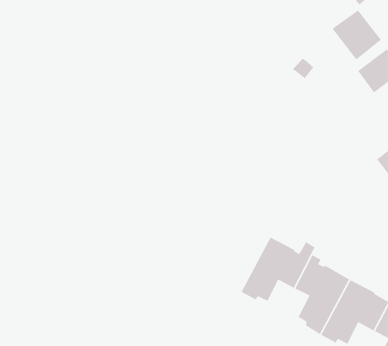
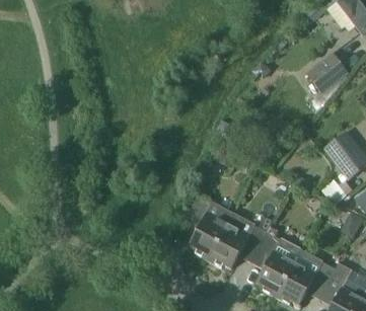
building: [331,10,382,61] -> none
building: none -> [185,197,233,261]

